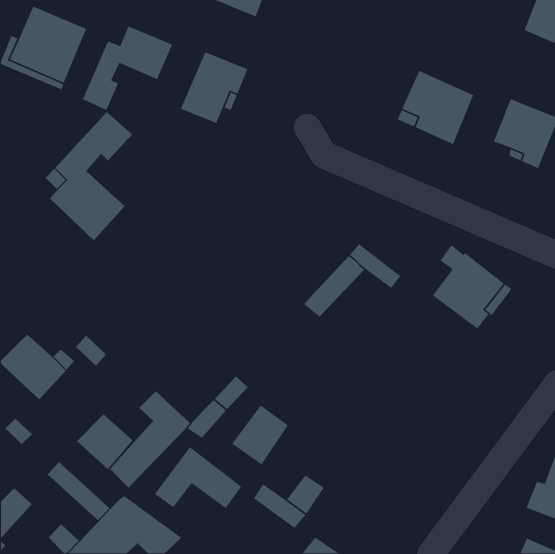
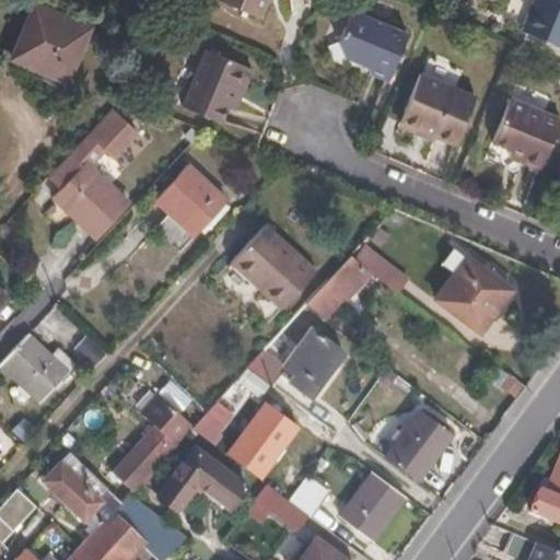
building: none -> [336,10,406,81]
building: [82,26,173,111] -> none
building: none -> [159,167,232,237]
building: none -> [232,223,316,308]
building: none -> [250,324,347,395]
building: none -> [386,412,454,485]
building: [76,413,133,470] -> none
building: none -> [341,472,408,540]

